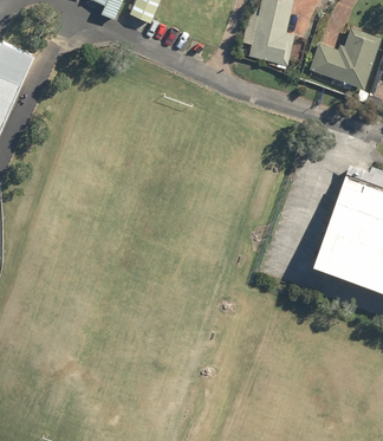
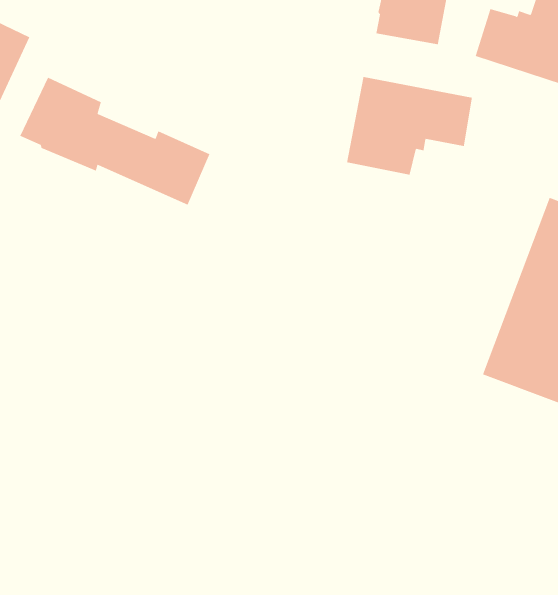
building: none -> [346,76,473,175]
building: none -> [20,77,210,205]

